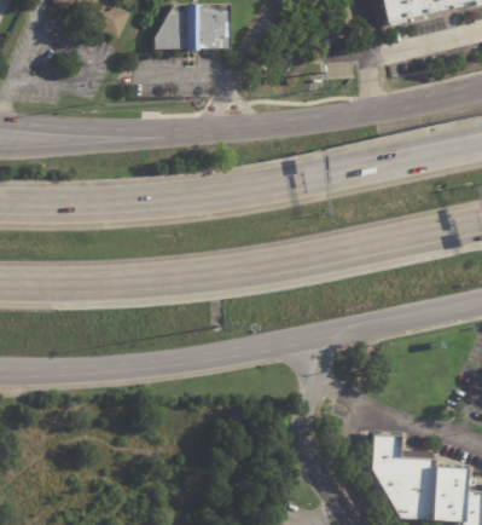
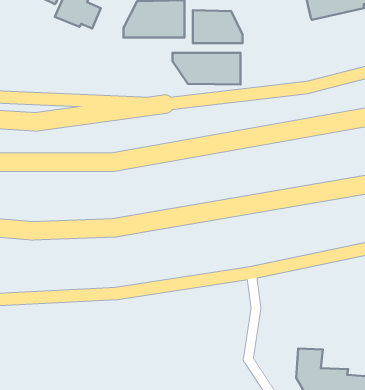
building: none -> [193,10,242,43]
building: none -> [172,53,240,85]

